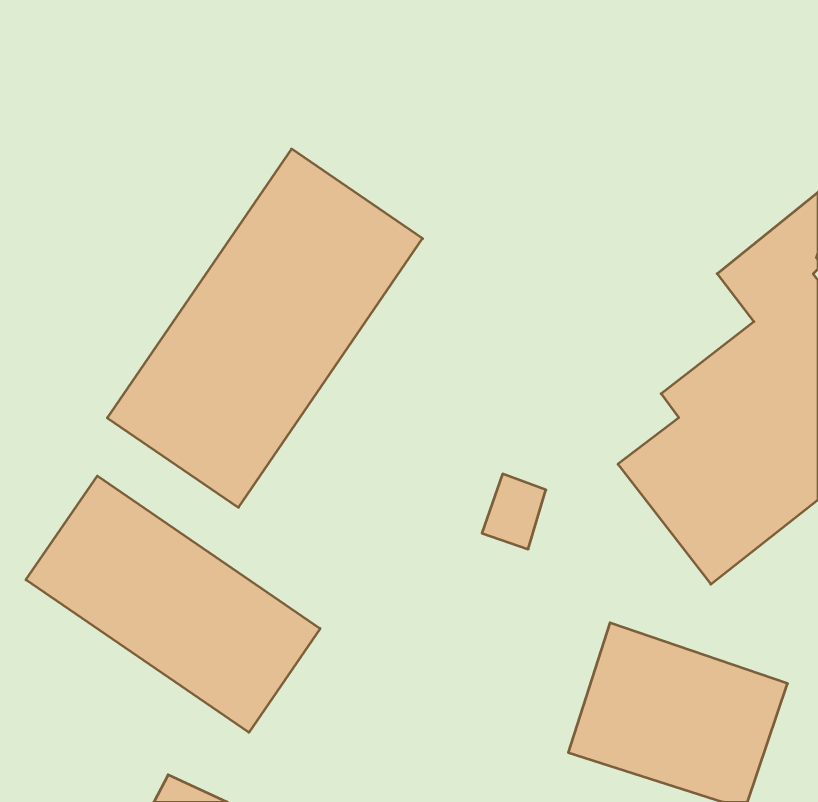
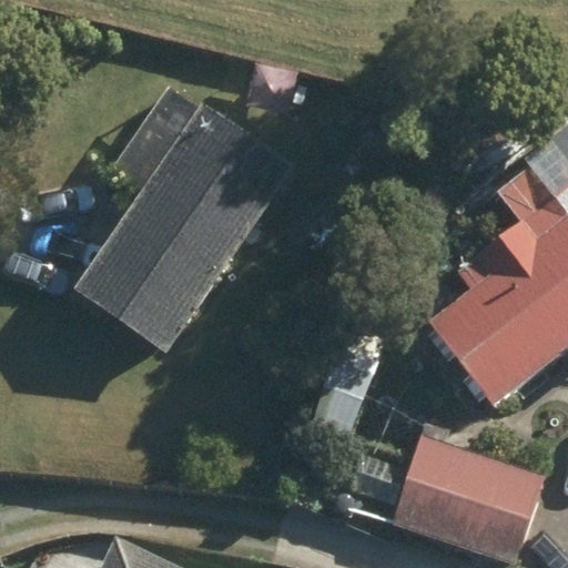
building: [26,476,320,732] -> none

